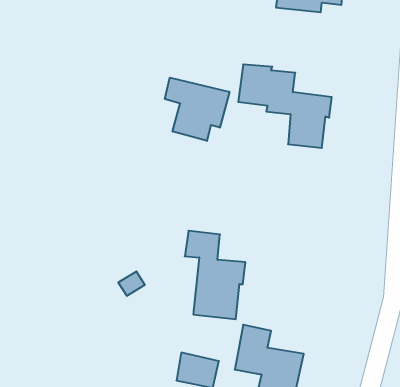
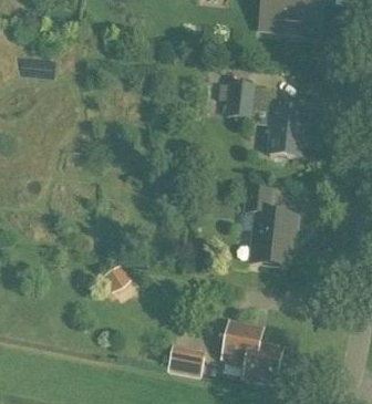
building: [165,78,229,141] -> none
building: [185,231,245,319] -> [241,184,297,265]

